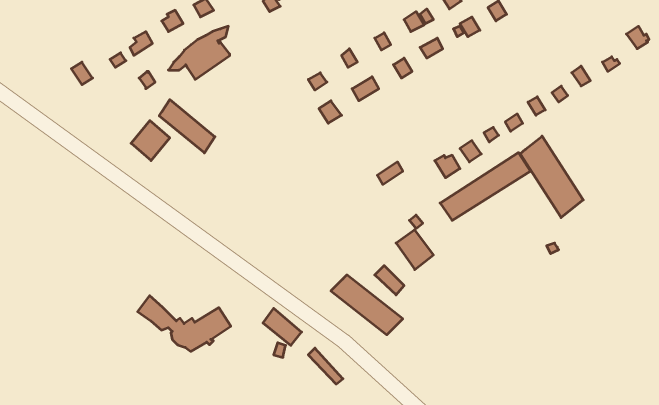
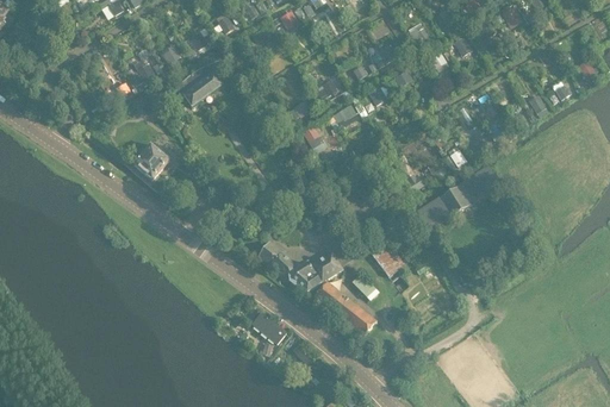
building: [159,100,215,153] -> none
building: [520,136,583,218] -> none
building: [138,296,231,351] -> [259,240,342,290]

